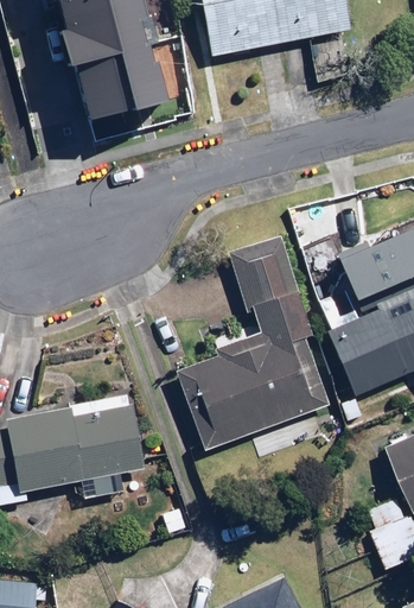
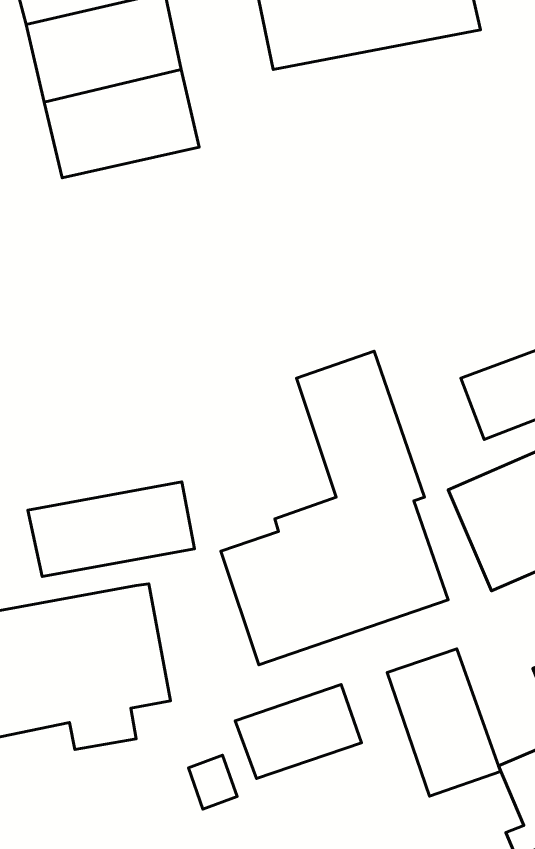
building: none -> [28,482,194,576]
building: none -> [387,649,501,796]
building: none -> [235,684,361,779]

